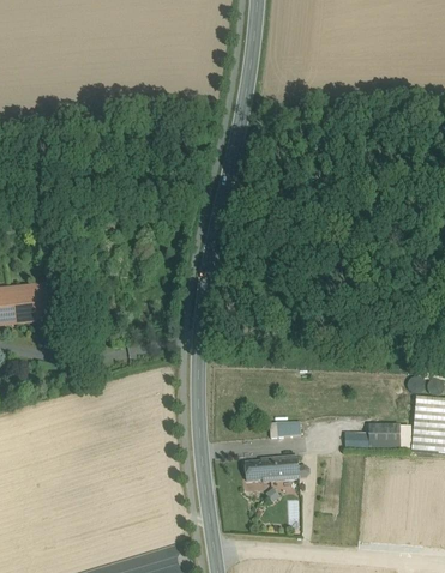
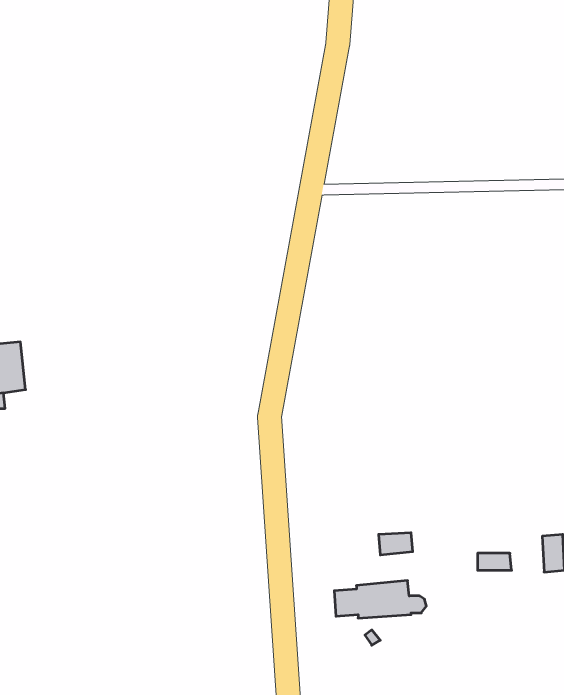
building: [18,284,44,320] -> none
building: [362,423,386,448] -> none

